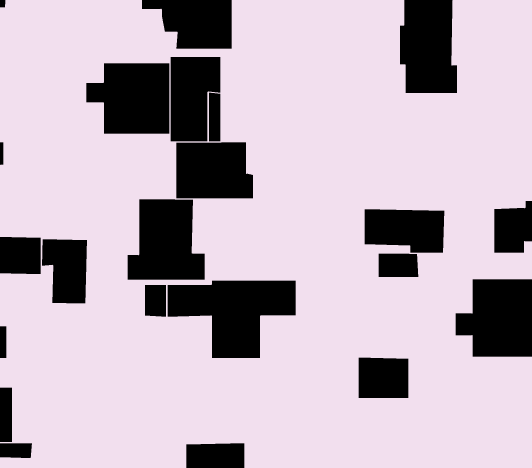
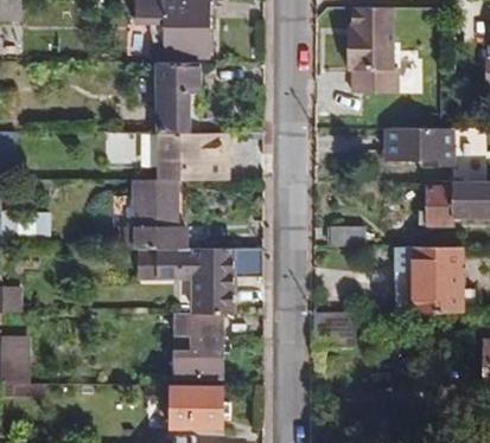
building: [86,63,170,134] -> none
building: [364,209,445,253] -> [386,128,453,165]
building: [41,238,87,304] -> none
building: none -> [173,314,219,377]

